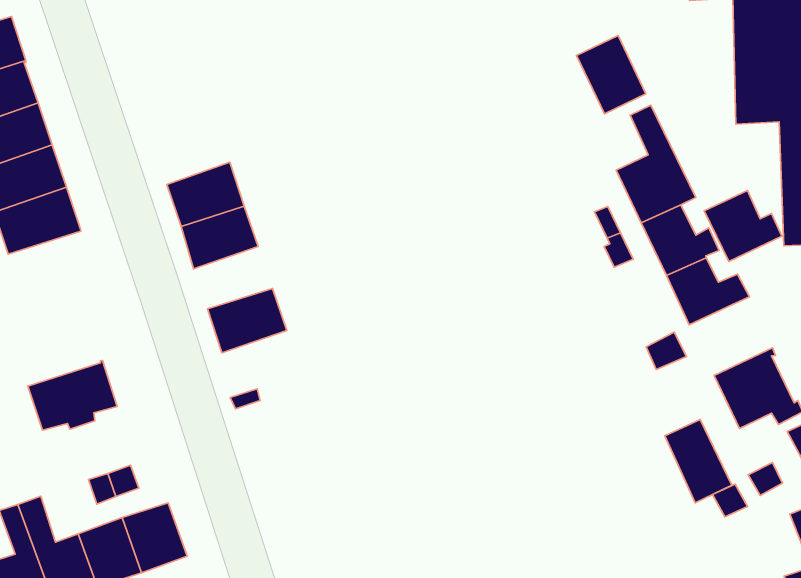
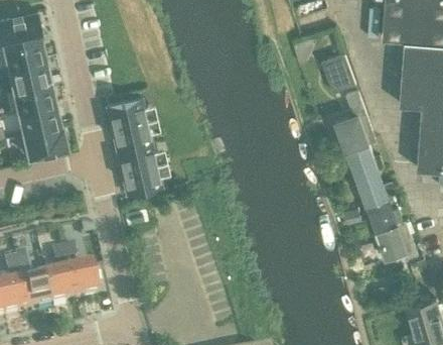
building: [704,190,782,262] -> [364,196,403,231]
building: none -> [115,141,154,170]
building: [28,361,117,430] -> [21,123,65,156]
building: [665,420,732,503] -> none

